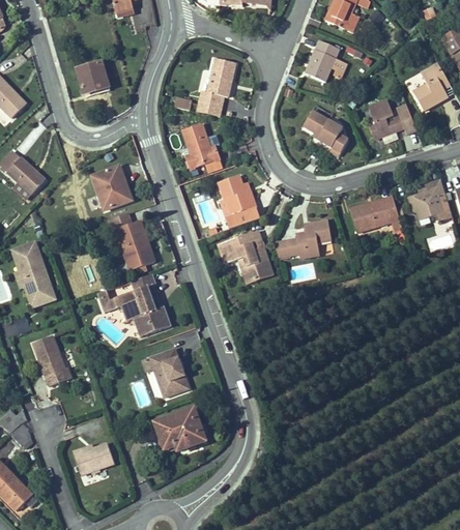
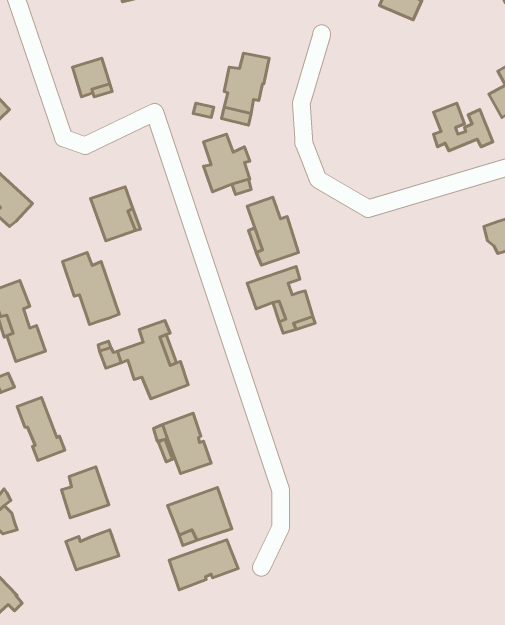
building: [305,39,346,82] -> none
building: [303,110,347,155] -> none
building: [349,196,404,239] -> none
building: [108,212,153,270] -> [63,252,119,324]
building: [275,219,330,258] -> none
building: none -> [61,467,109,518]
building: none -> [169,540,238,590]

